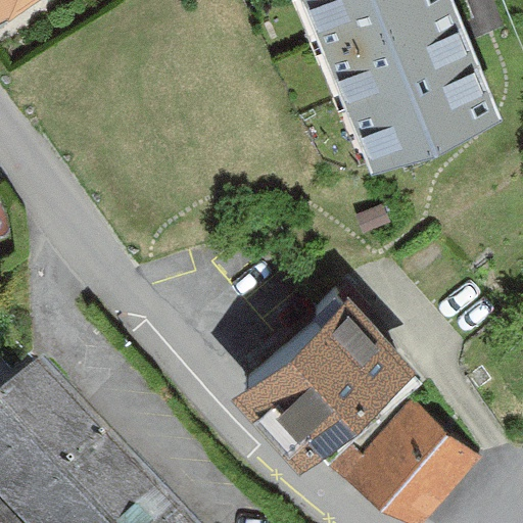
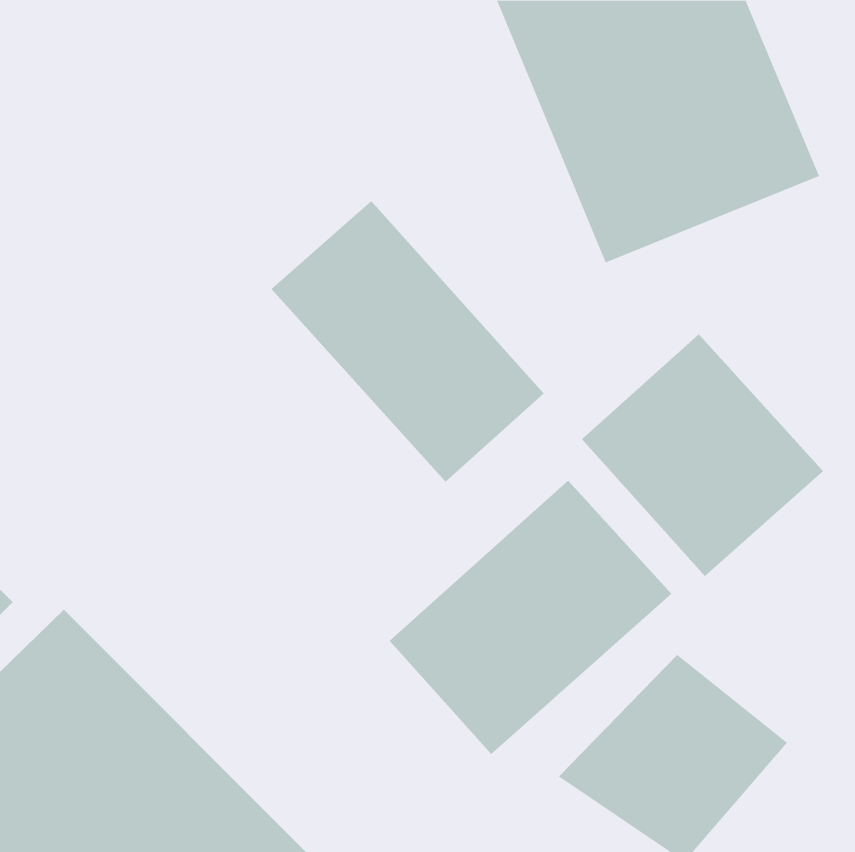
building: none -> [270,200,545,483]
building: none -> [581,333,824,577]

